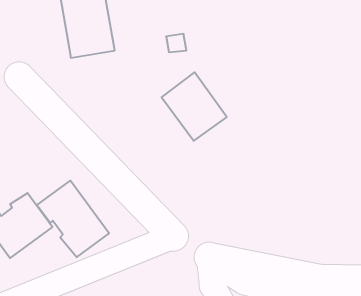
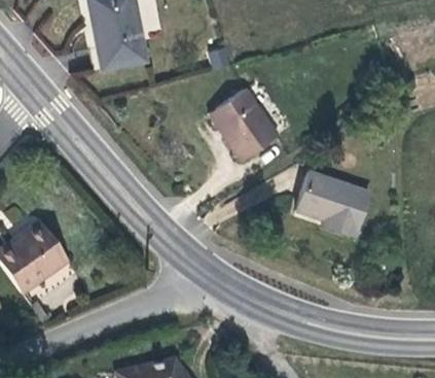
building: none -> [291,173,375,242]
building: [37,181,109,257] -> none

